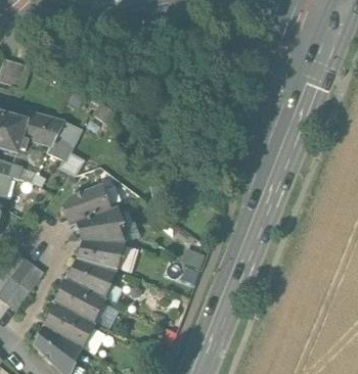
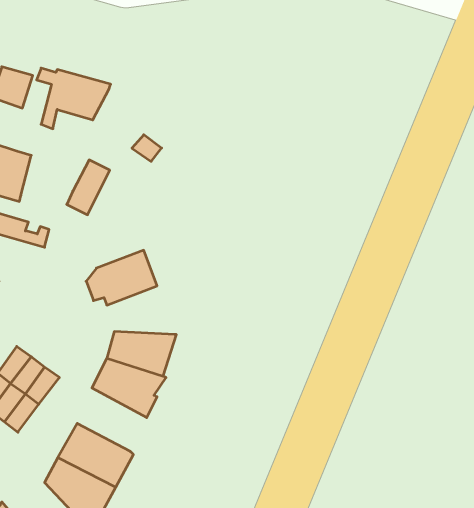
building: [14,108,65,150] -> [37,68,111,129]
building: [76,207,124,243] -> none
building: [54,280,105,324] -> none

